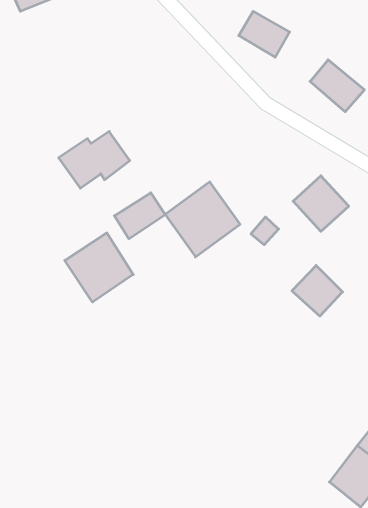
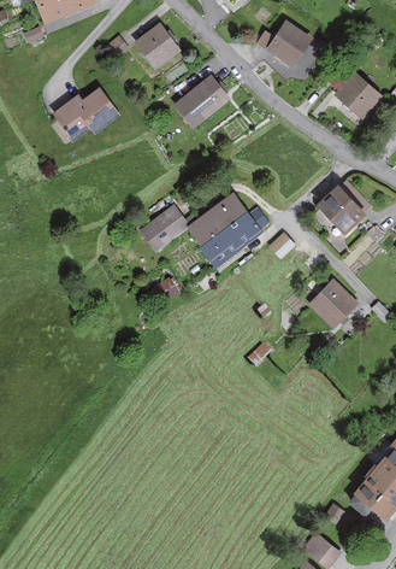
building: none -> [131,22,182,72]
building: none -> [171,75,232,134]
building: [59,131,130,188] -> [48,86,119,142]
building: [65,233,133,302] -> none

